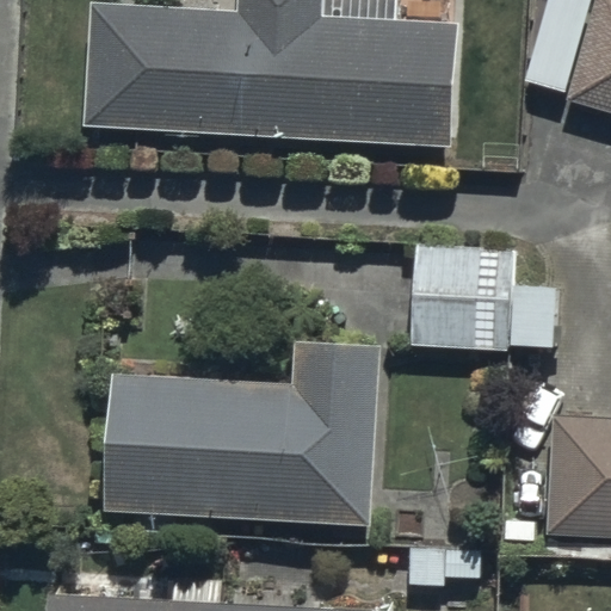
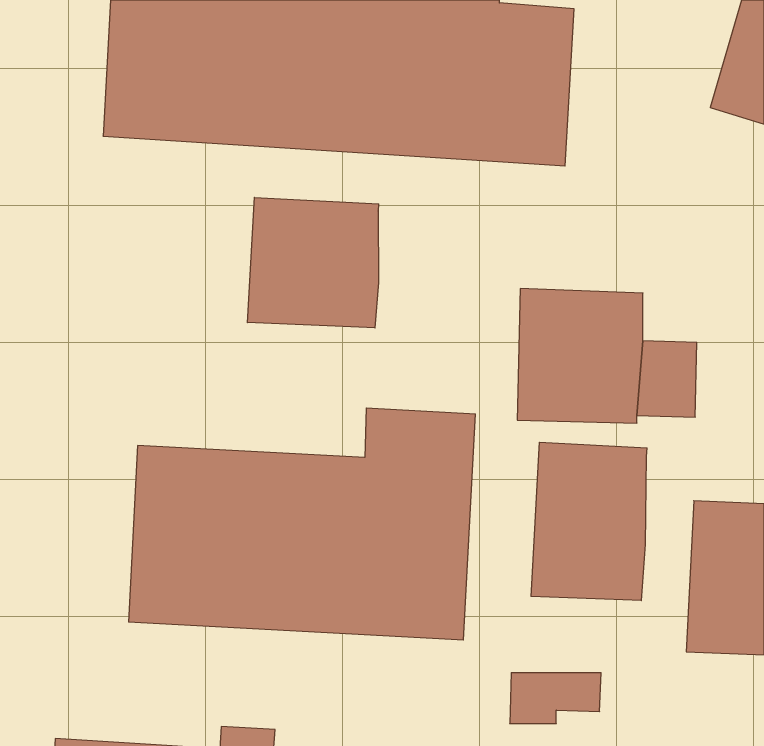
building: none -> [247,197,379,328]
building: none -> [531,442,647,601]

